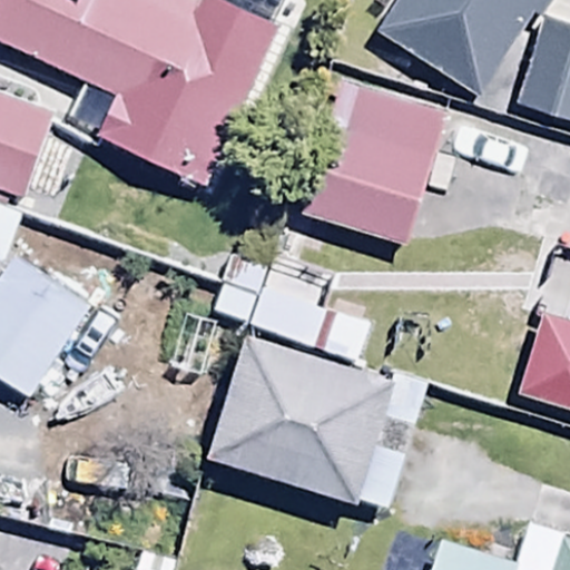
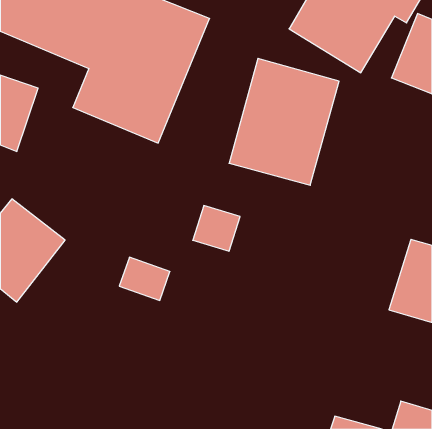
building: [213,330,425,510] -> none

